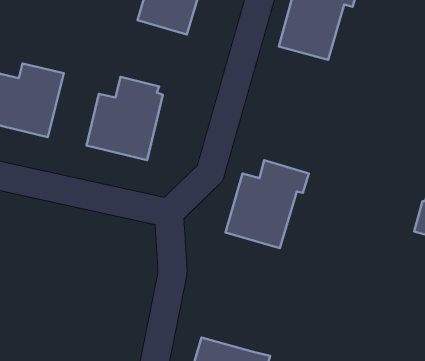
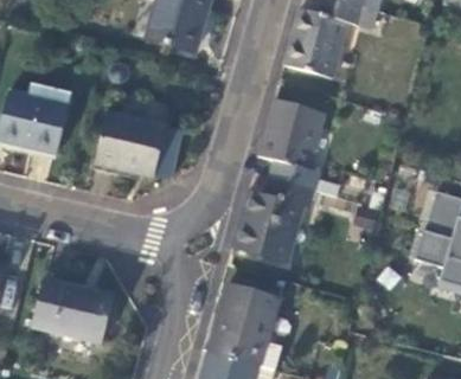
building: none -> [258,99,326,191]
building: none -> [33,280,113,343]
building: none -> [209,284,280,366]

